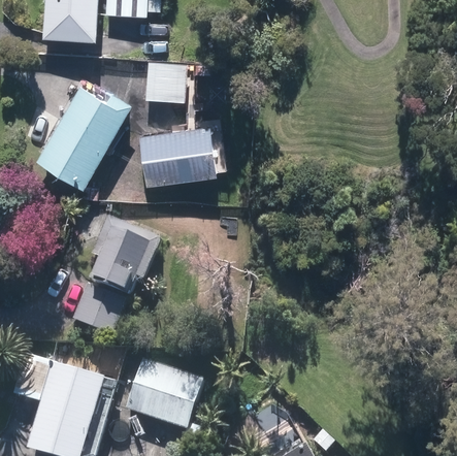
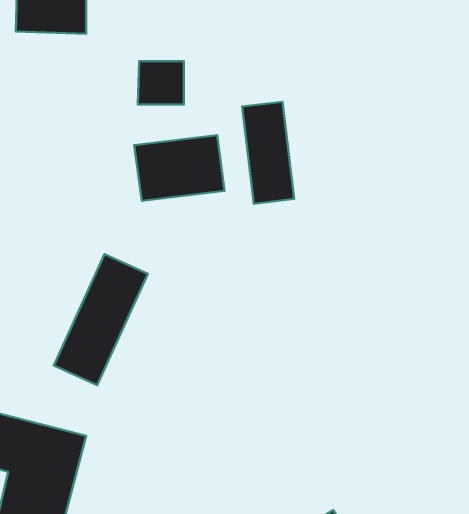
building: [38,83,130,188] -> none
building: none -> [242,102,294,204]
building: [132,361,204,429] -> none

